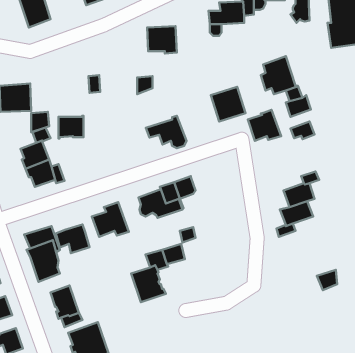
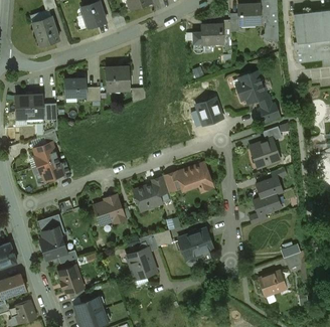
building: [147,26,177,54] -> [105,66,130,90]
building: [248,110,281,141] -> [251,138,279,164]
building: [58,116,83,138] -> [64,77,86,97]
building: [146,116,186,148] -> [177,163,211,190]
building: [56,225,89,253] -> none
building: none -> [178,228,212,261]
building: none -> [258,270,287,293]

